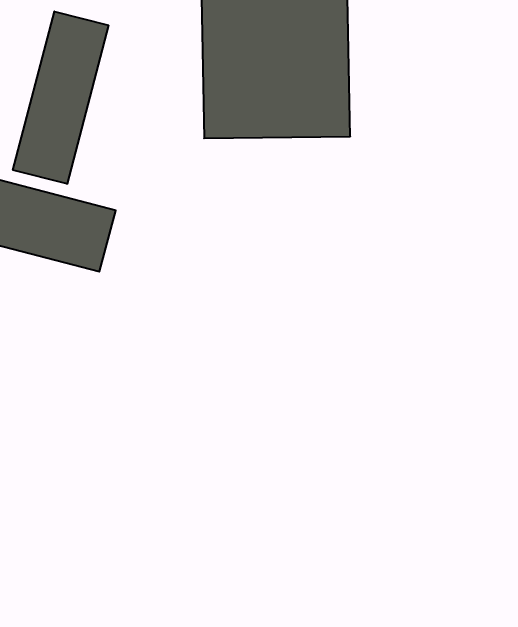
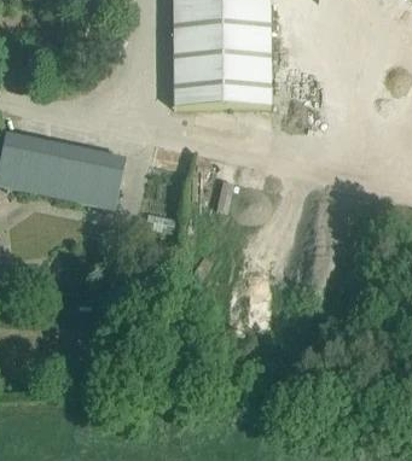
building: [13,11,108,184] -> none

